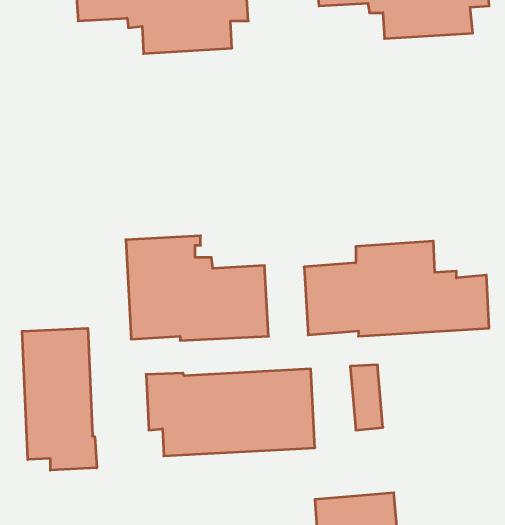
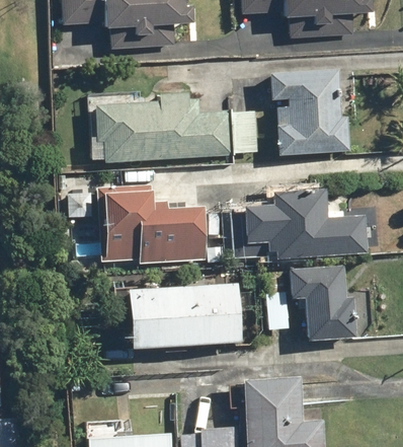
building: none -> [265,69,348,155]
building: none -> [88,90,257,162]
building: [22,328,97,470] -> none
building: none -> [286,266,353,340]

